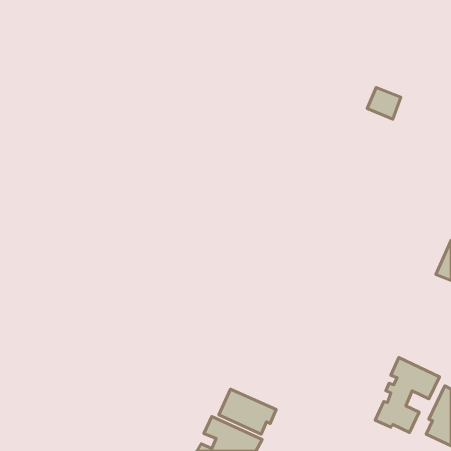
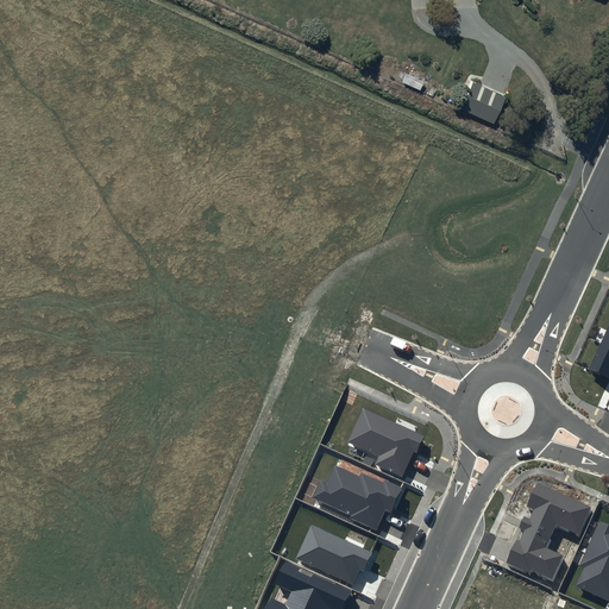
building: [367,87,401,119] -> [457,77,502,120]
building: none -> [347,408,425,477]
building: none -> [312,465,403,530]

